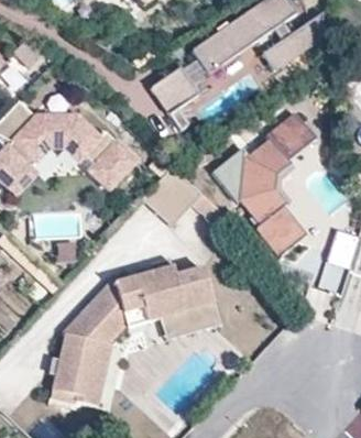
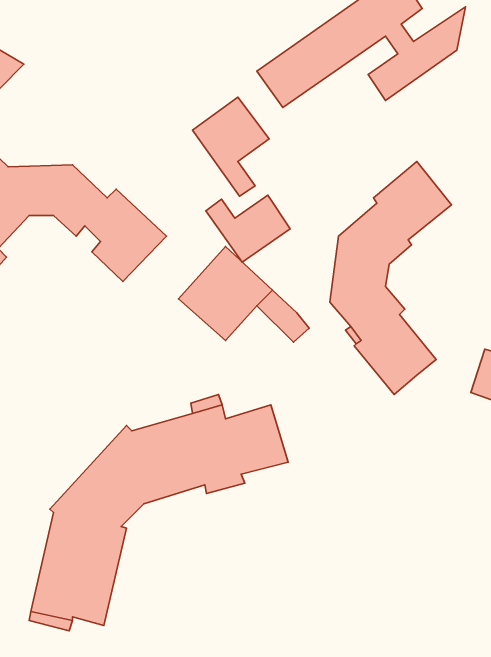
building: none -> [206,195,290,262]
building: [162,303,219,339] -> none

